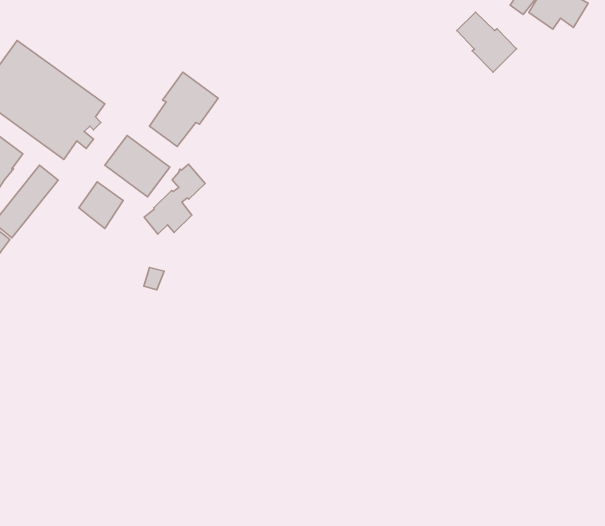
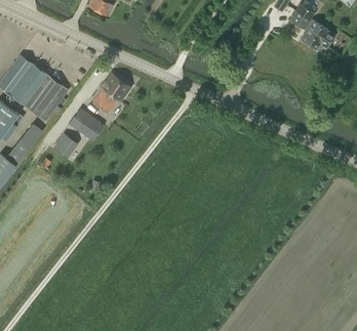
building: [457,12,517,72] -> none
building: [144,164,205,234] -> none

